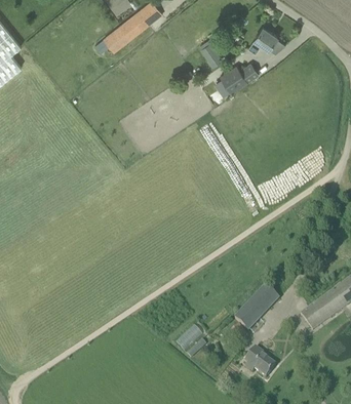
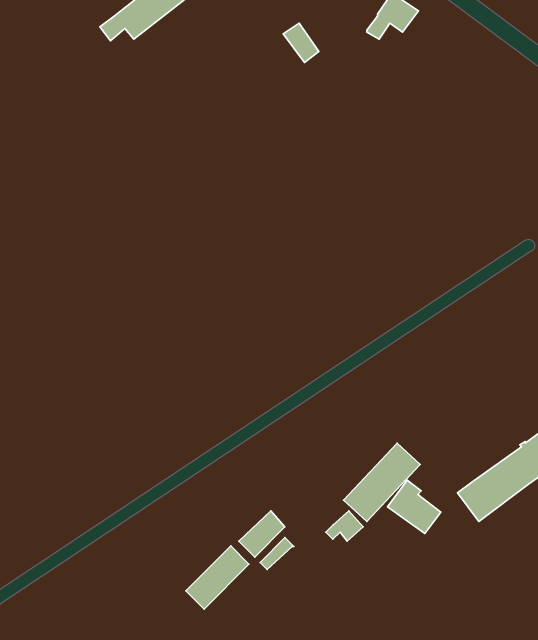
building: [219,63,258,93] -> none
building: none -> [186,546,249,609]
building: [243,347,274,377] -> [387,480,441,534]

